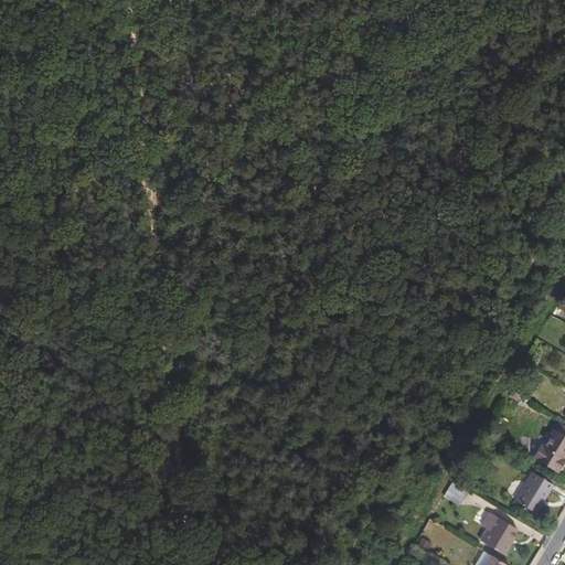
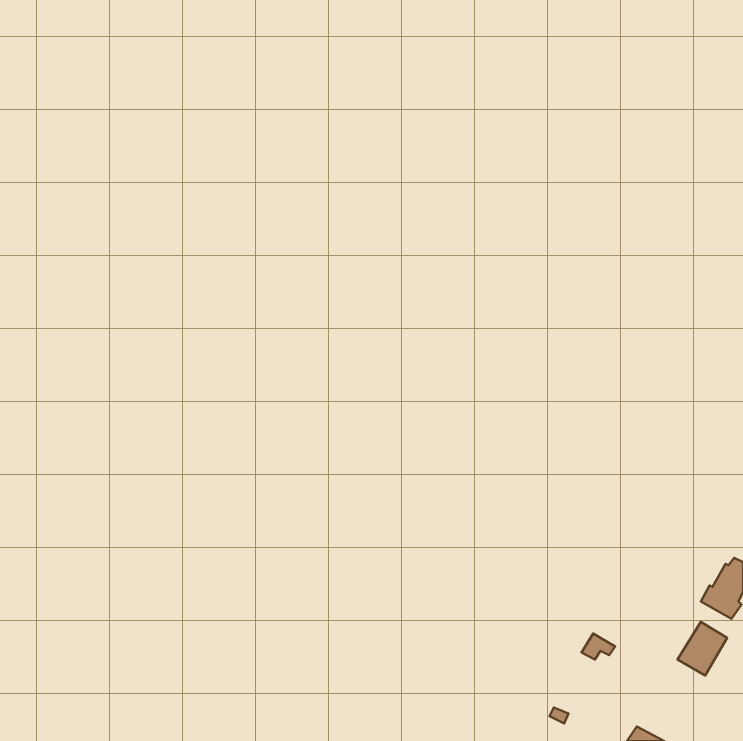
building: [480,512,516,554] -> none

